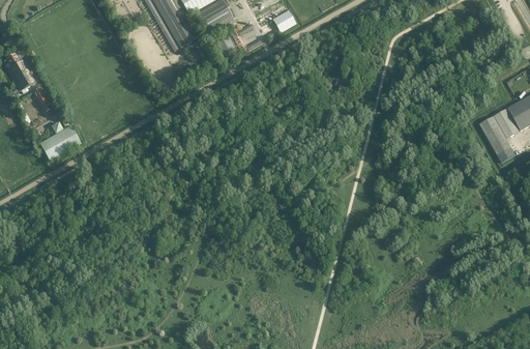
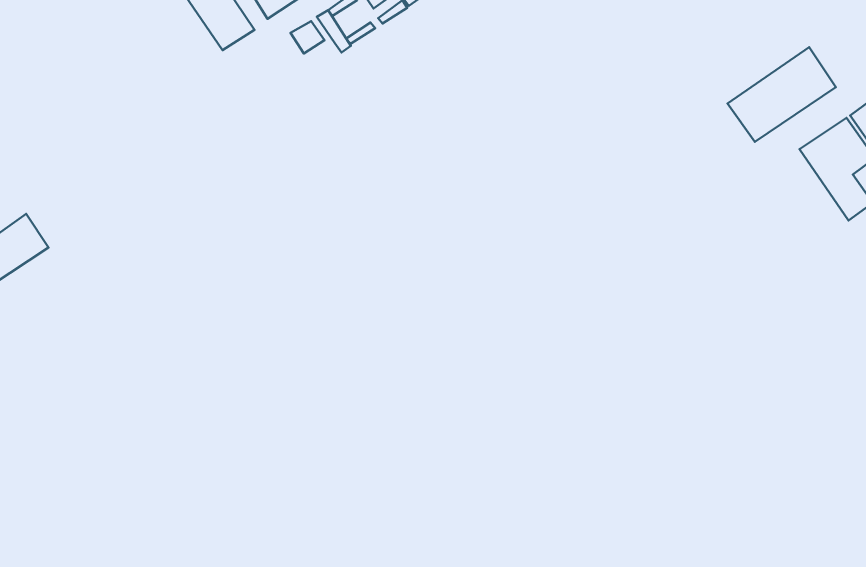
building: none -> [727,47,836,142]

